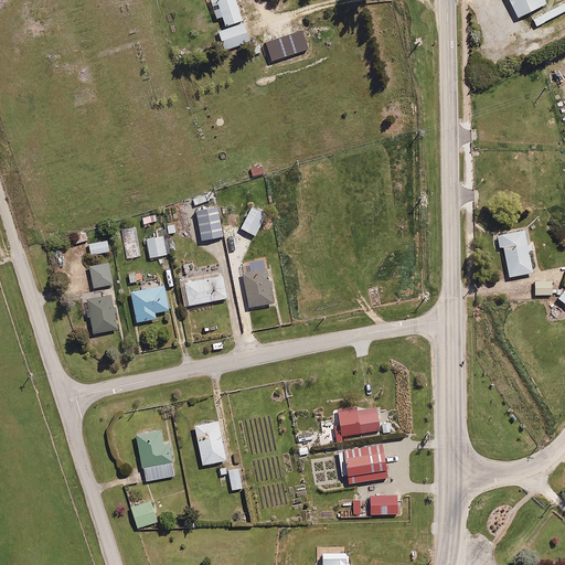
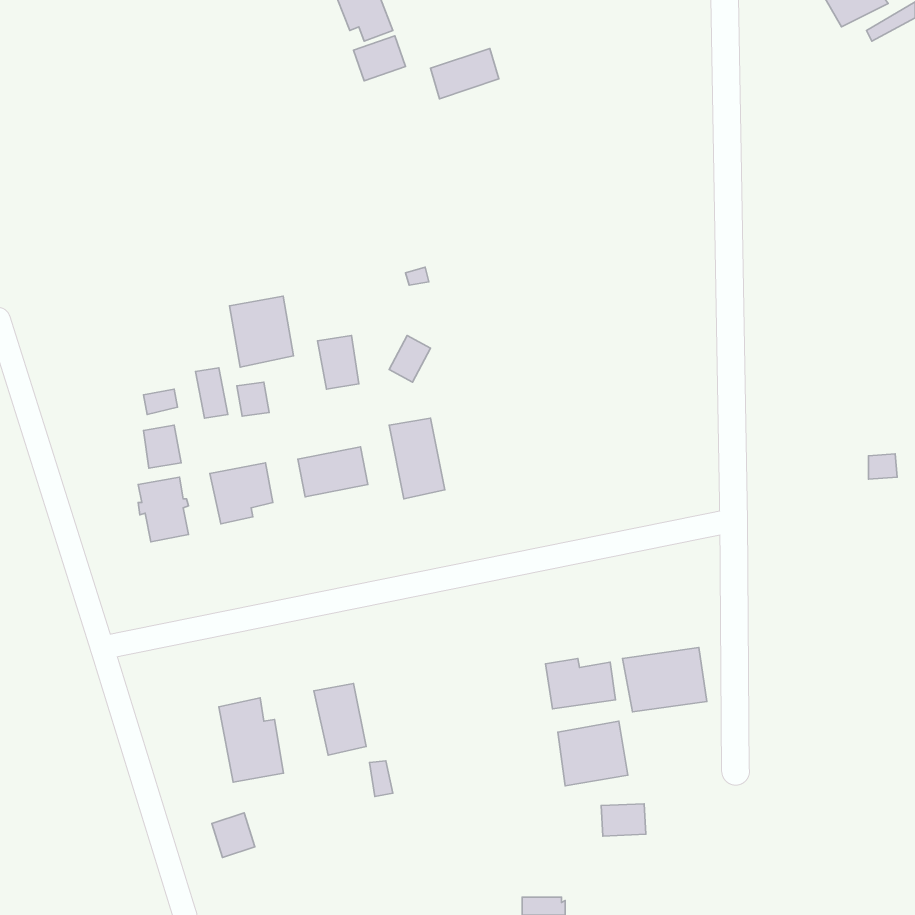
building: none -> [229,296,293,367]
building: [497,230,532,276] -> none
building: none -> [622,648,707,712]

